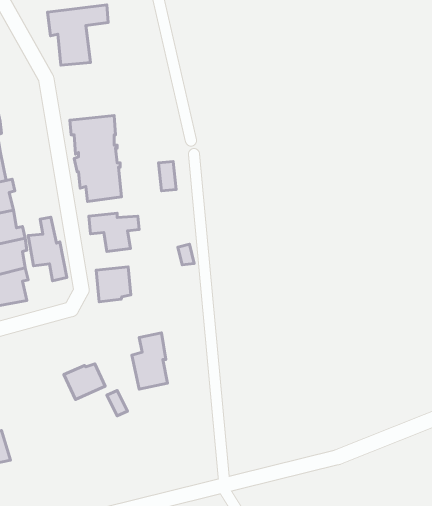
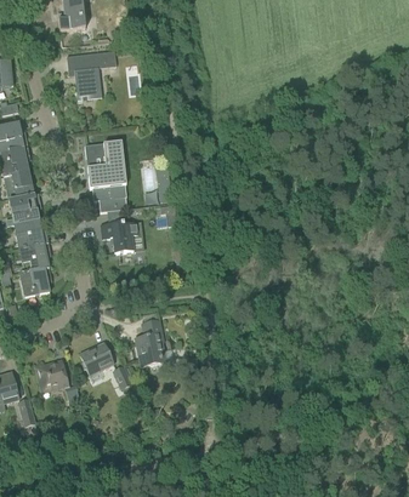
building: [28,217,67,281] -> none
building: [96,267,131,302] -> none
building: none -> [34,360,80,407]

